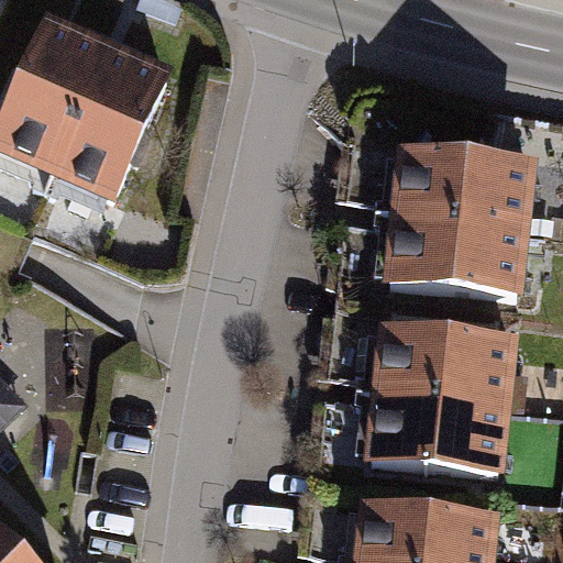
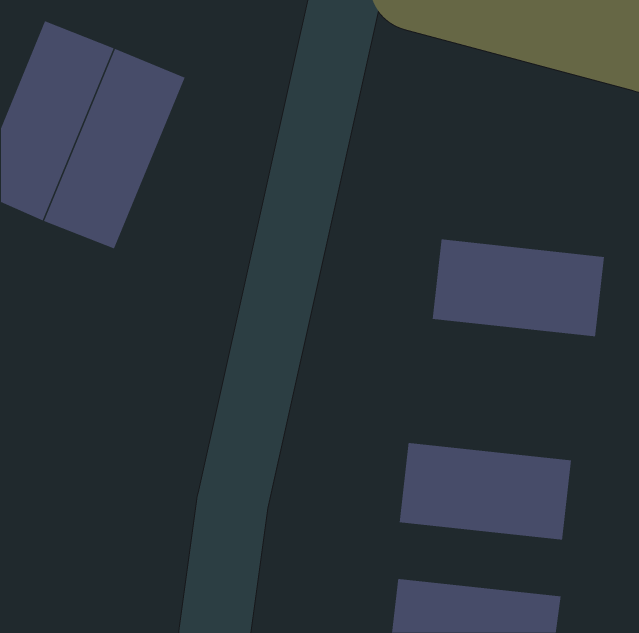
building: [390,142,539,222] -> none
building: [362,318,510,398] -> none

